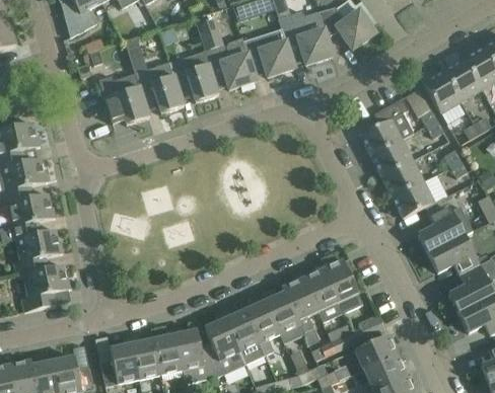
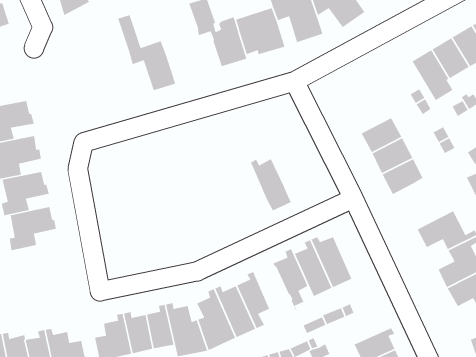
building: [169,49,219,101] -> none
building: [99,72,150,124] -> none
building: [360,97,414,155] -> none
building: [418,195,474,252] -> none
building: [17,264,72,311] -> none
building: [263,291,305,344] -> [250,158,292,211]
building: [355,333,403,369] -> none

